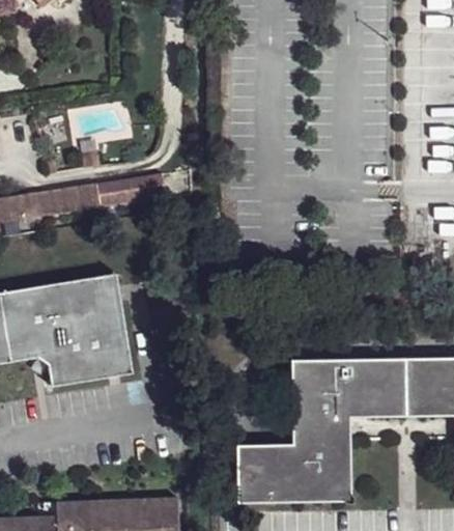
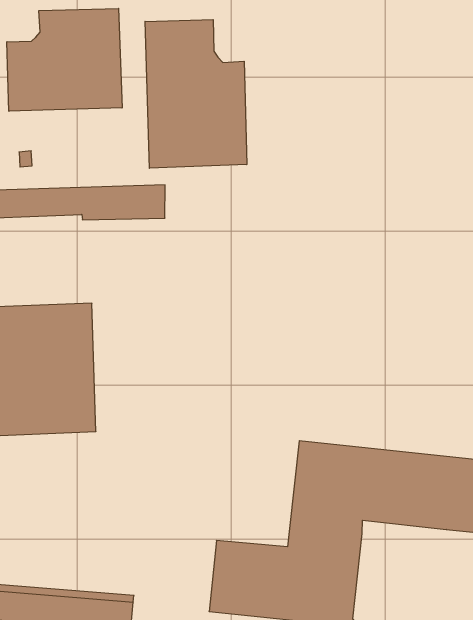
building: none -> [145,20,247,168]
building: none -> [7,8,122,111]

